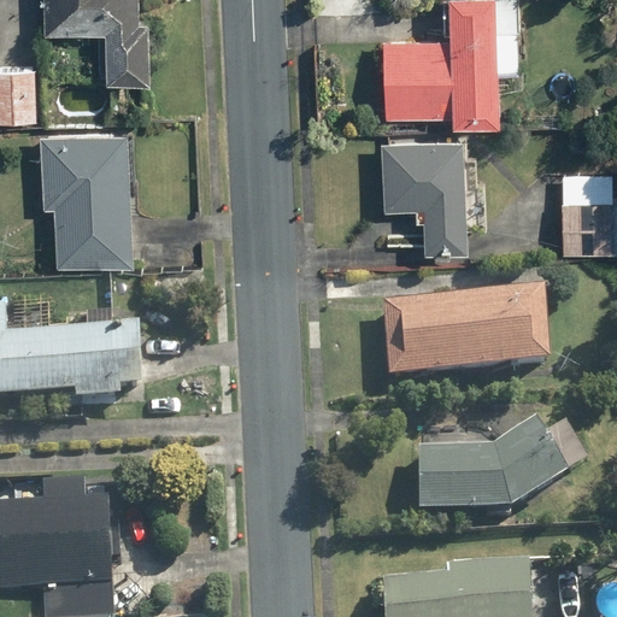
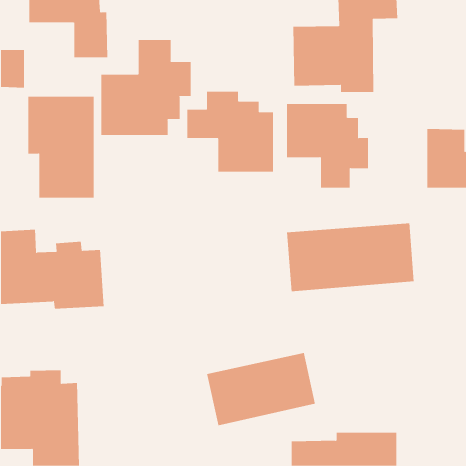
building: none -> [101,39,191,136]
building: none -> [187,91,273,172]
building: [417,421,590,513] -> none
building: none -> [206,352,316,426]

